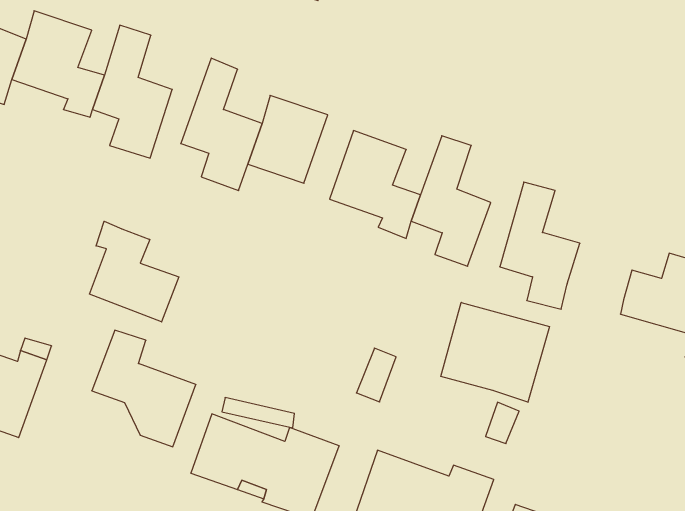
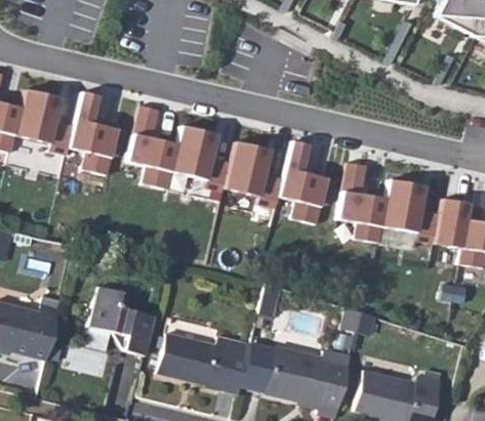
building: none -> [383,179,428,230]
building: [89,221,179,322] -> none
building: [441,302,549,402] -> none

